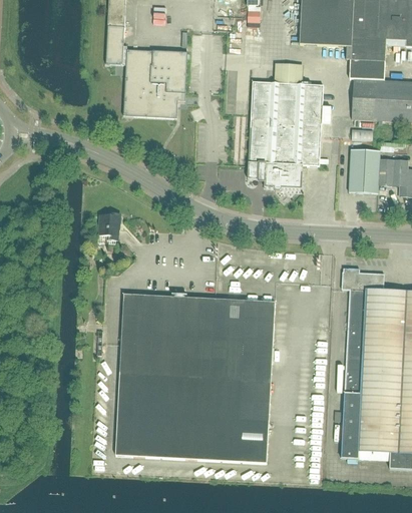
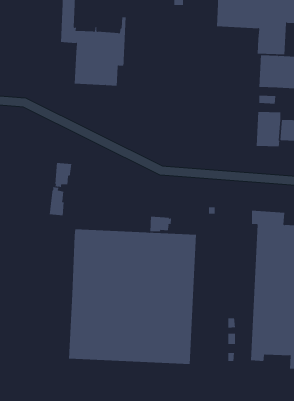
building: [248,62,324,190] -> none
building: none -> [49,187,64,216]
building: none -> [150,216,171,232]

